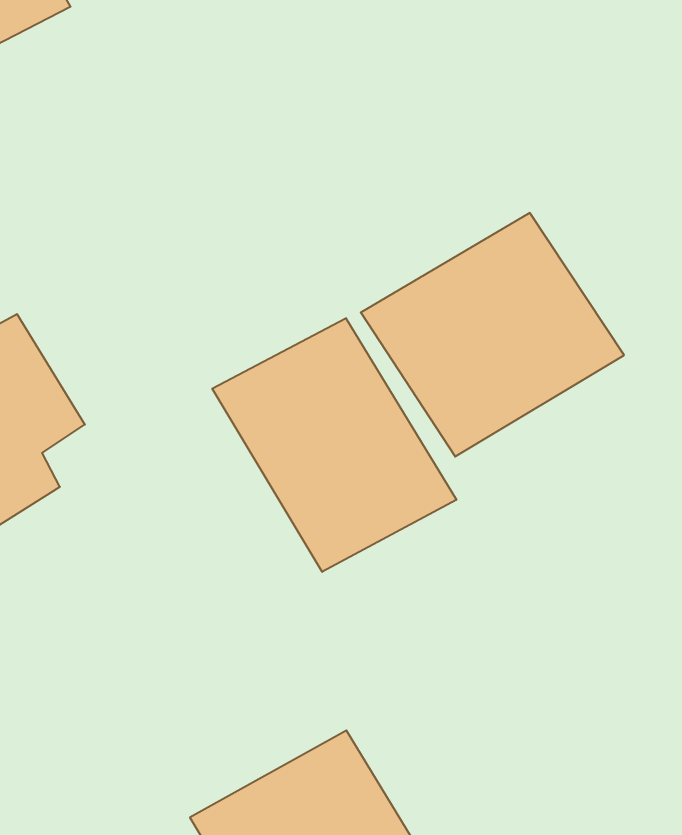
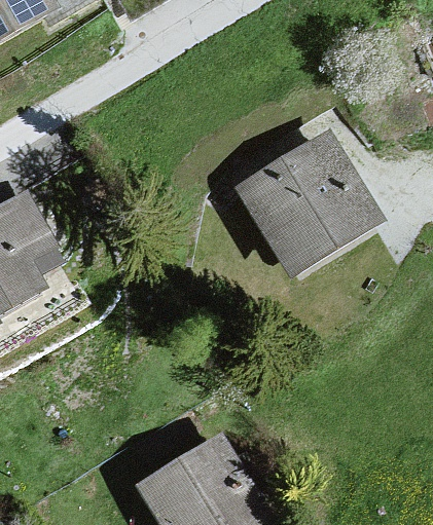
building: [212,318,456,572] -> none

